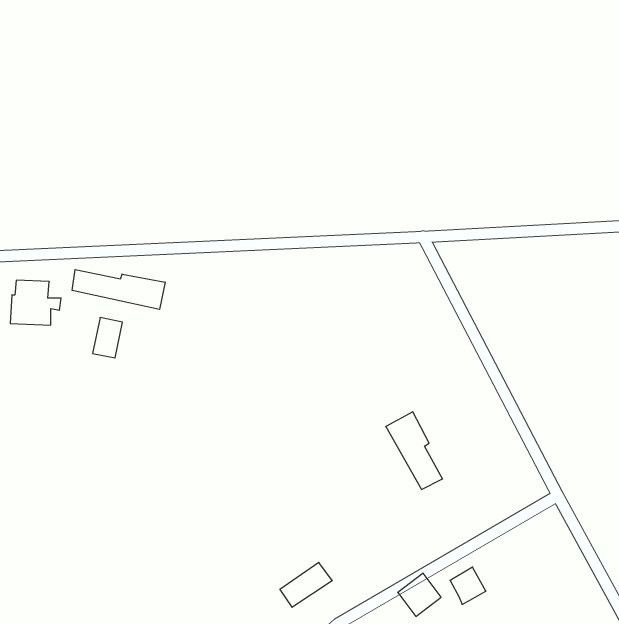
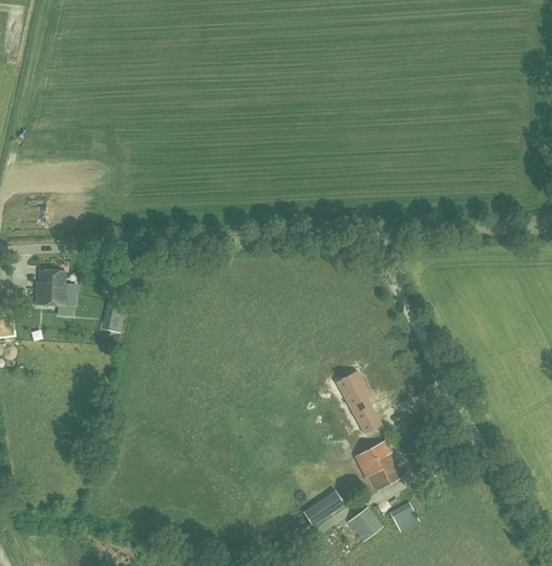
building: [72,270,165,309] -> none
building: none -> [355,439,402,490]
building: [280,562,332,607] -> [303,489,345,525]

